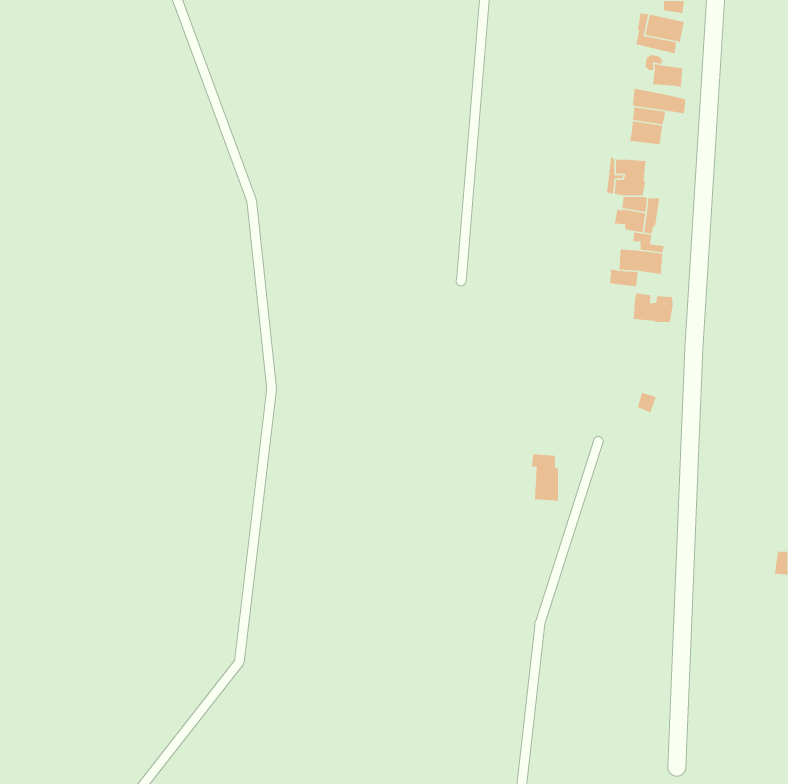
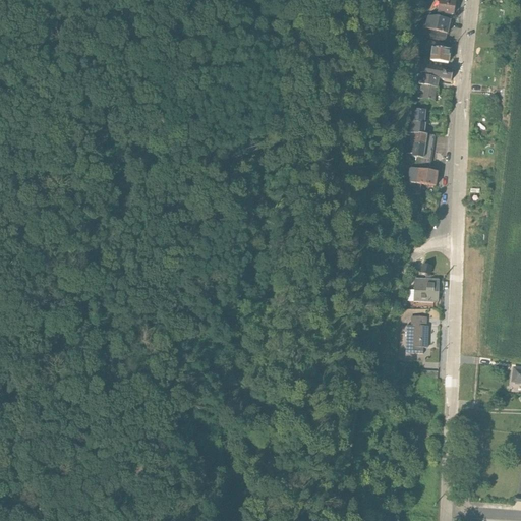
building: [633,293,673,323] -> none
building: none -> [413,277,440,302]
building: [531,454,559,501] -> [410,315,428,347]

